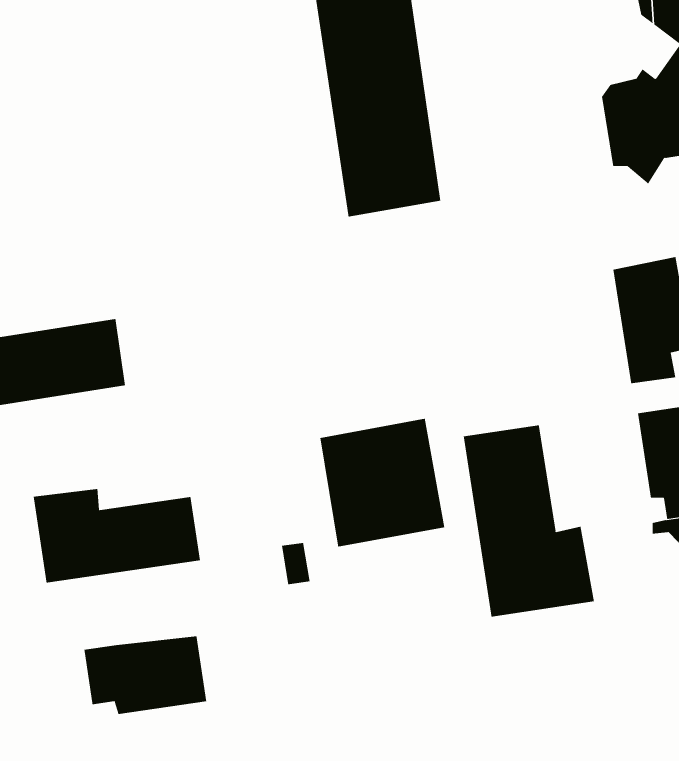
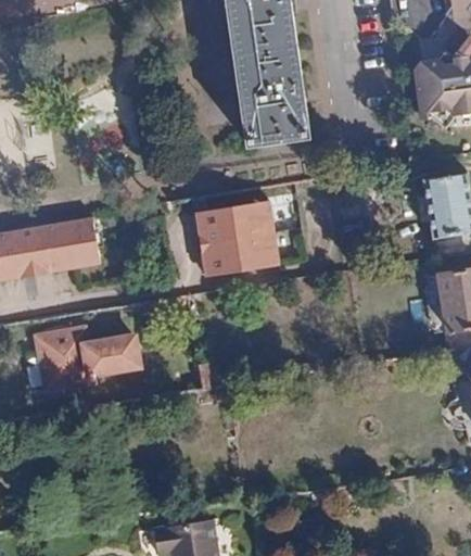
building: [319,418,445,547] -> [192,191,276,277]
building: [463,425,594,617] -> none
building: [84,635,207,715] -> none

